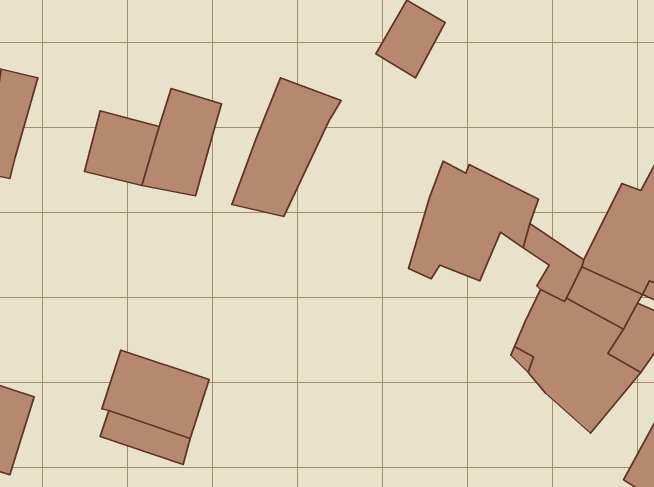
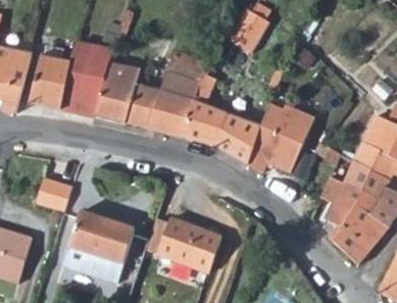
building: none -> [28,18,120,107]
building: none -> [177,78,262,164]
building: none -> [125,82,160,127]
building: none -> [35,176,71,212]
building: none -> [144,218,220,273]

